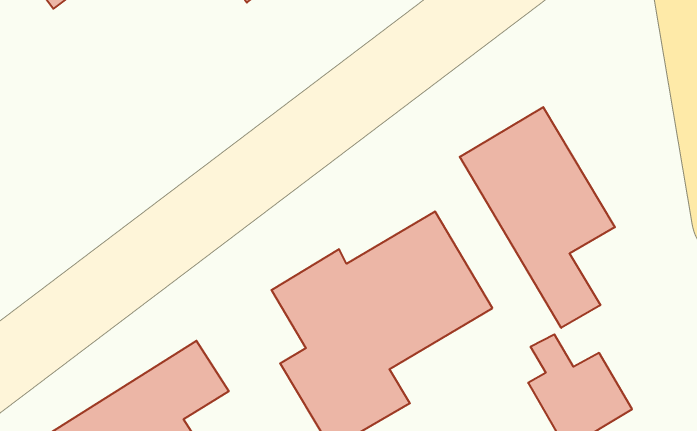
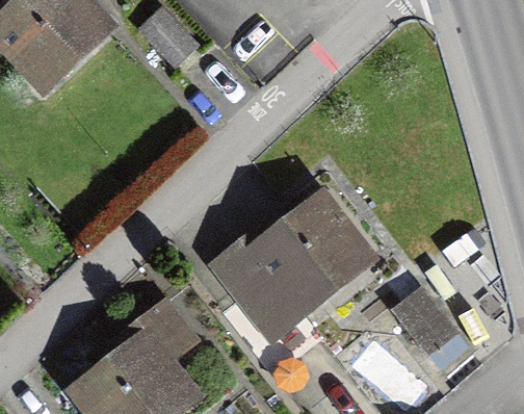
building: [460,107,615,328] -> none

